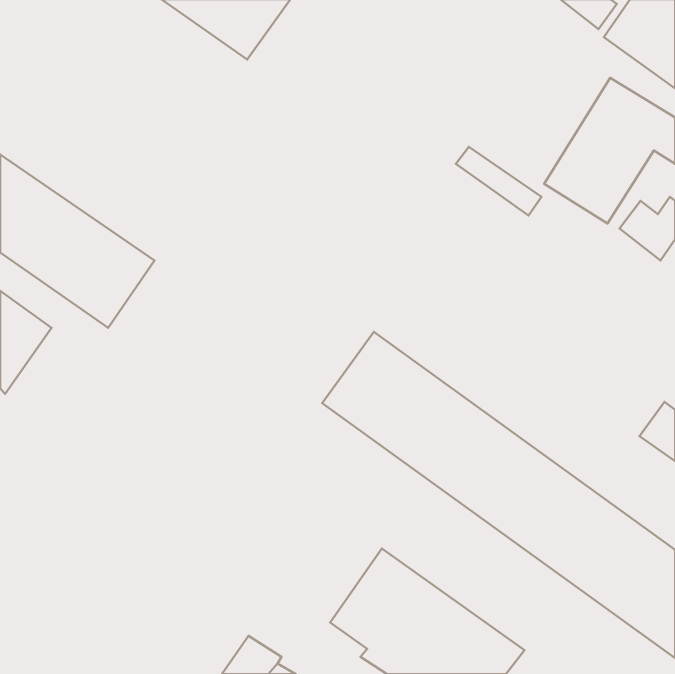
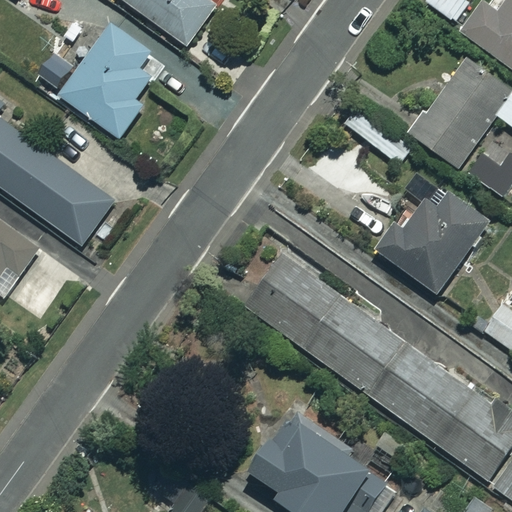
building: none -> [61,25,150,138]
building: none -> [378,169,488,293]

